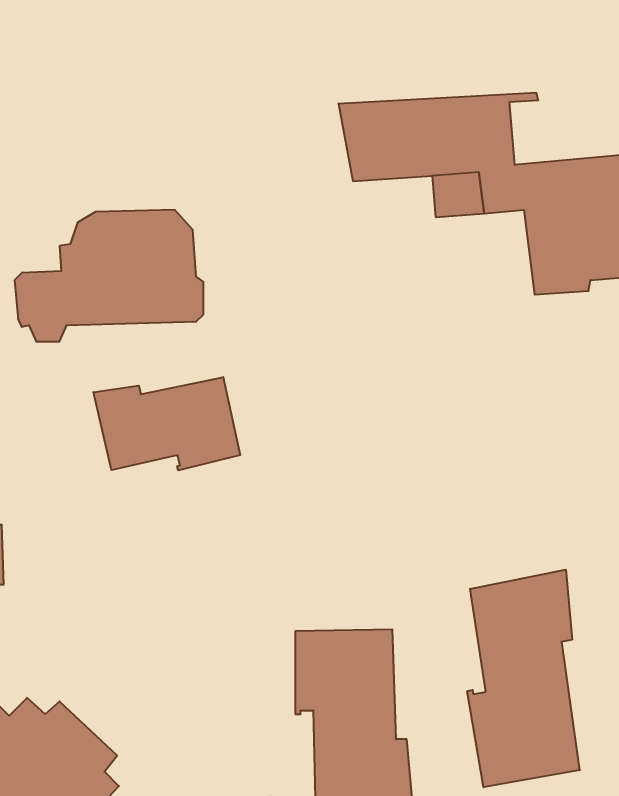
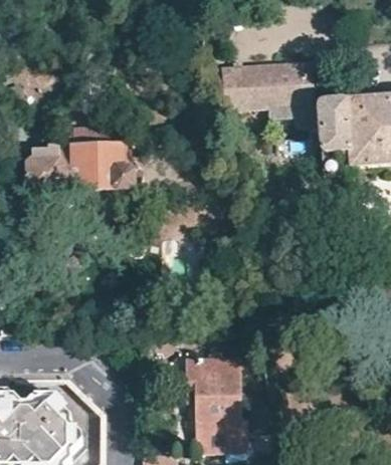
building: [93,377,240,470] -> none
building: [467,570,580,787] -> none

